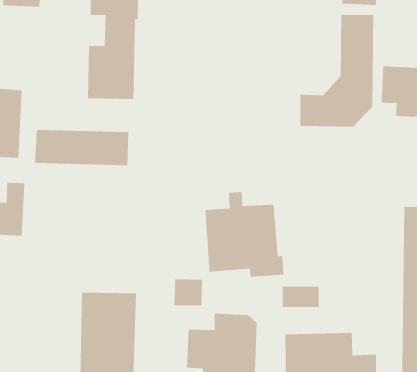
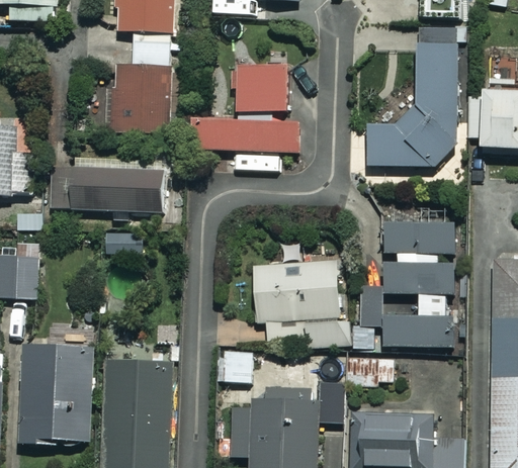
building: none -> [192,65,299,150]
building: none -> [383,200,459,343]
building: none -> [19,346,94,443]

